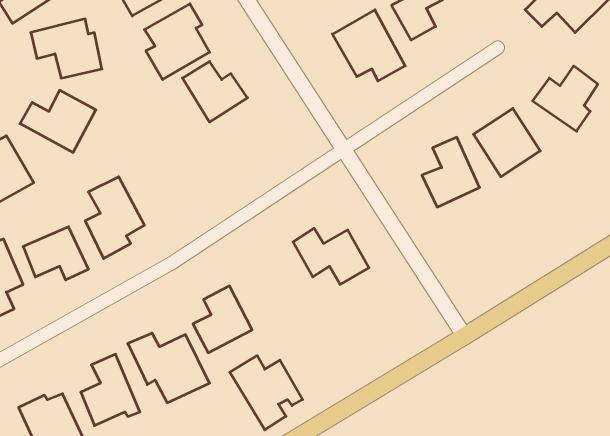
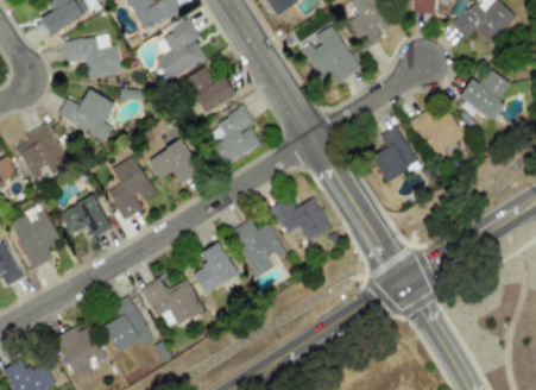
building: none -> [207,107,264,164]
building: none -> [149,139,201,183]
building: [230,356,303,430] -> [229,219,286,277]

